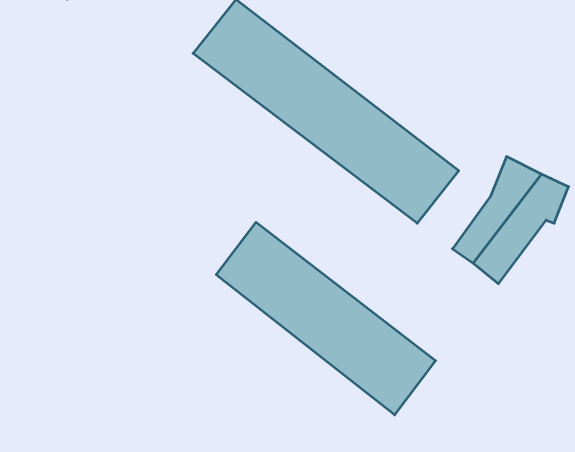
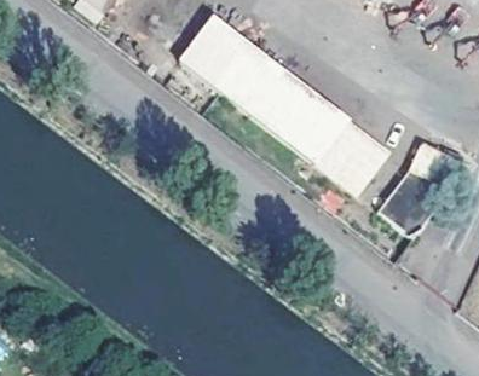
building: [216,222,436,415] -> none

